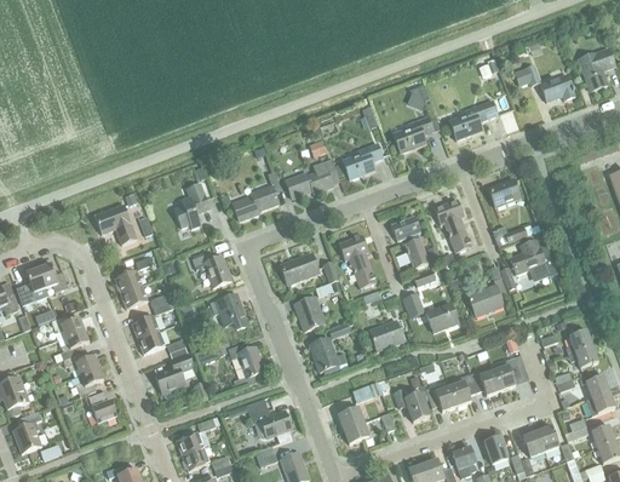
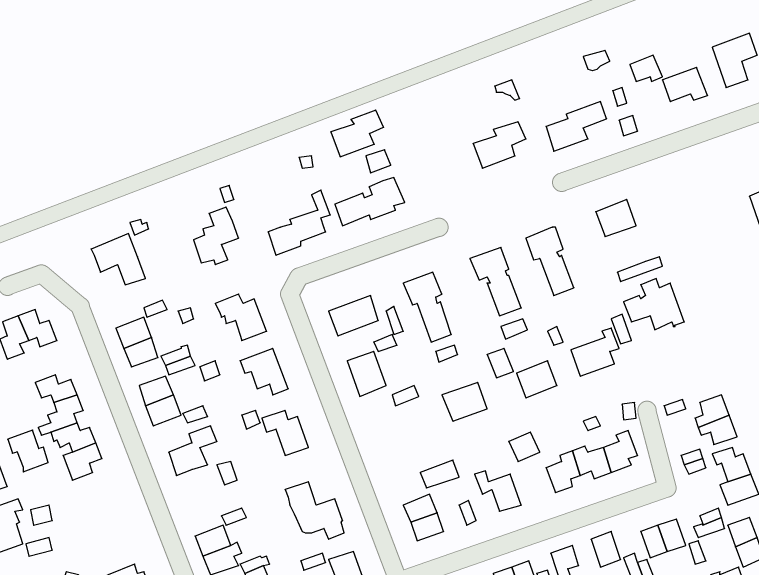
building: [341,143,383,179] -> [331,110,384,157]
building: [311,337,341,377] -> none
building: [425,380,457,411] -> none
building: [85,390,116,423] -> [8,430,48,472]

